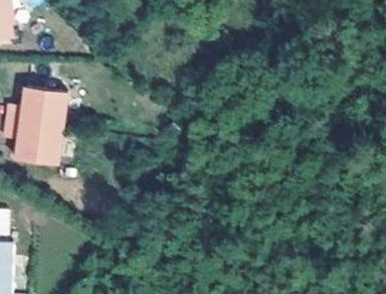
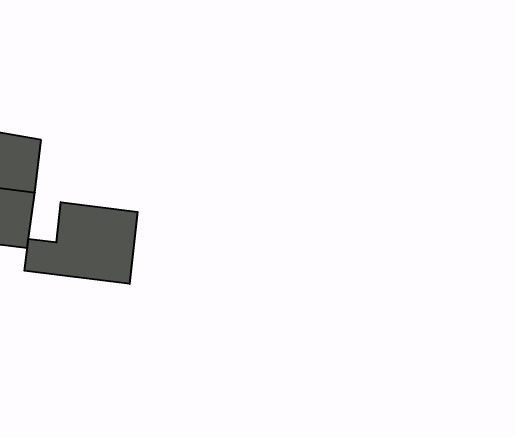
building: none -> [24,202,138,284]

